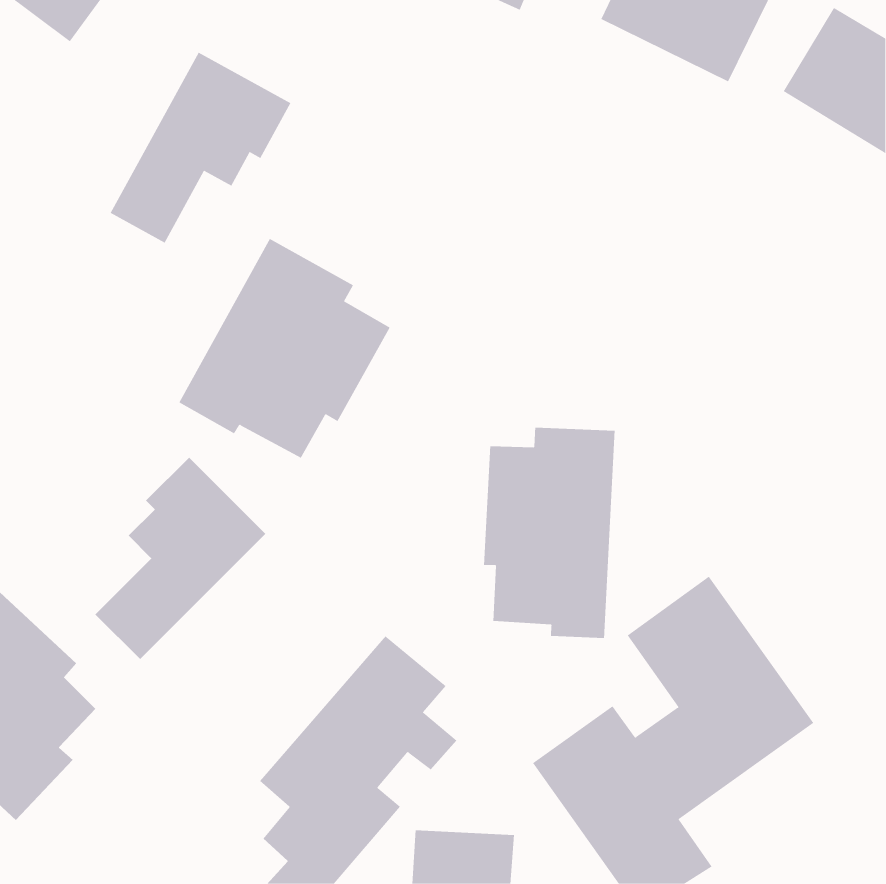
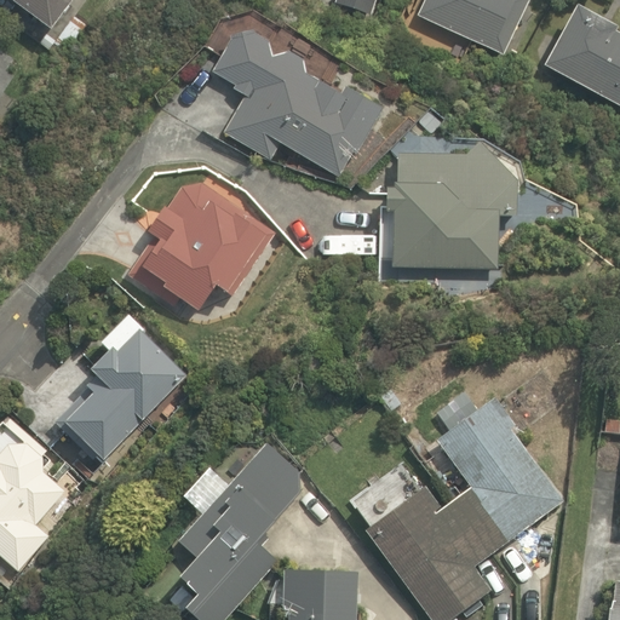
building: none -> [214,31,378,173]
building: [110,52,291,243] -> none
building: none -> [390,154,511,270]
building: [484,427,615,639] -> none

